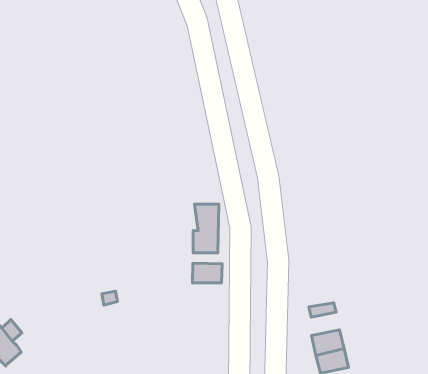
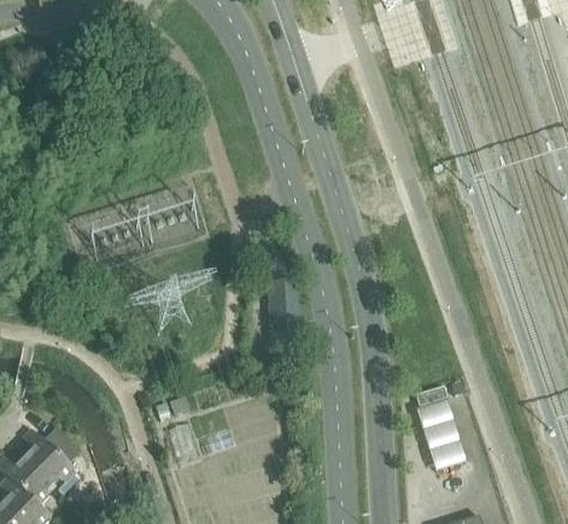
building: [192,263,222,283] -> none
building: none -> [412,398,452,428]

